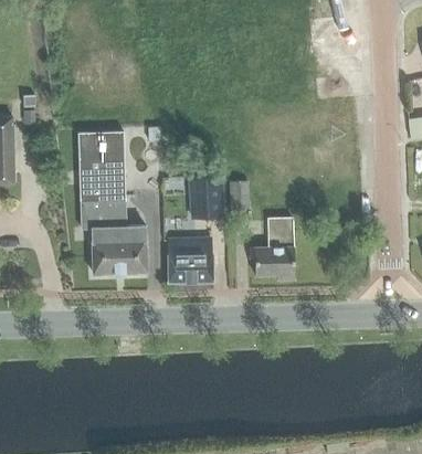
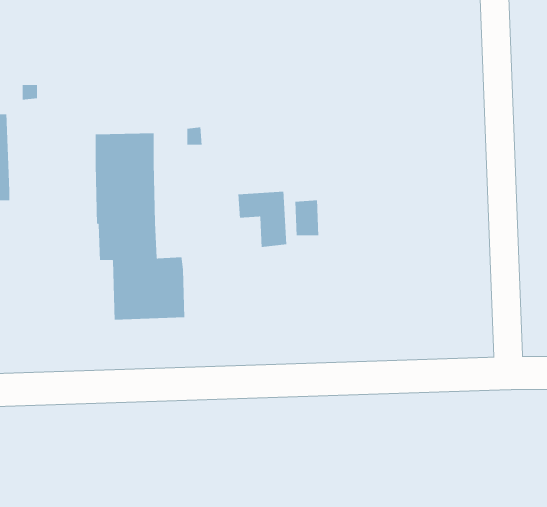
building: [254,220,295,281] -> none
building: [168,240,213,283] -> none

